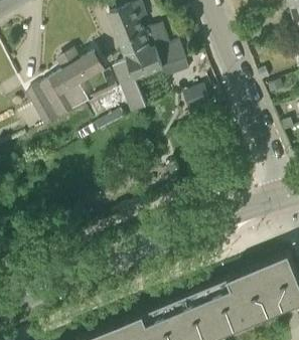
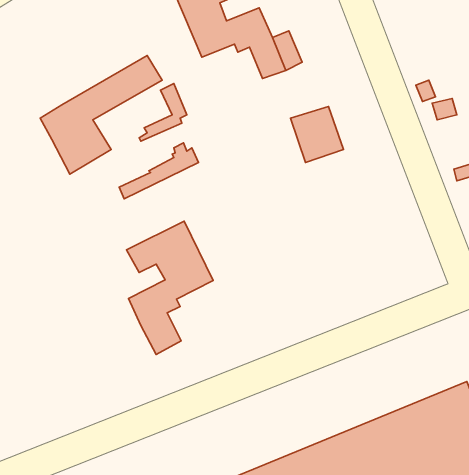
building: [114,48,164,117] -> none
building: none -> [127,221,213,355]

